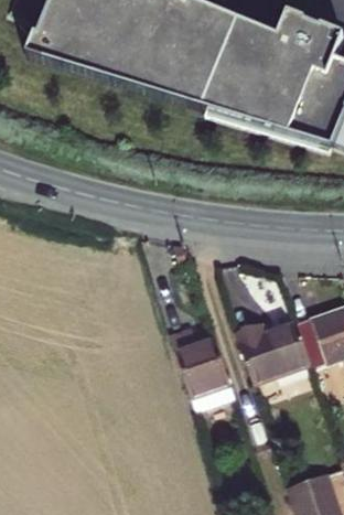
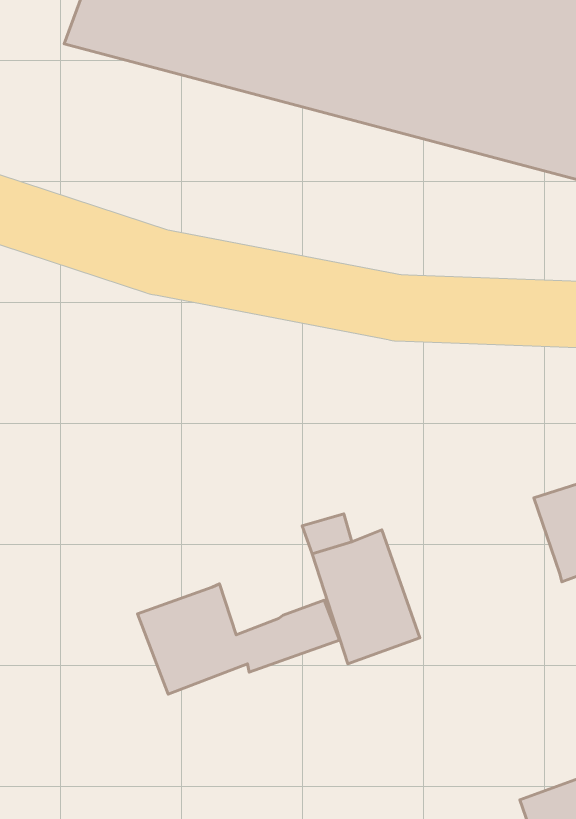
building: [236,320,312,383] -> none
building: none -> [138,584,340,694]

